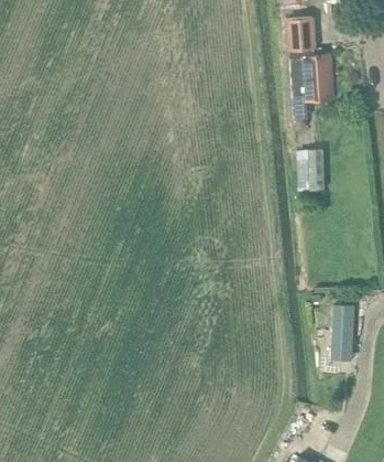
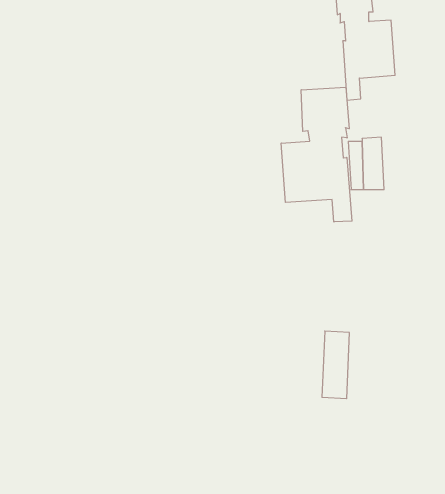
building: none -> [281,87,352,222]
building: [330,304,352,358] -> [322,331,349,399]

